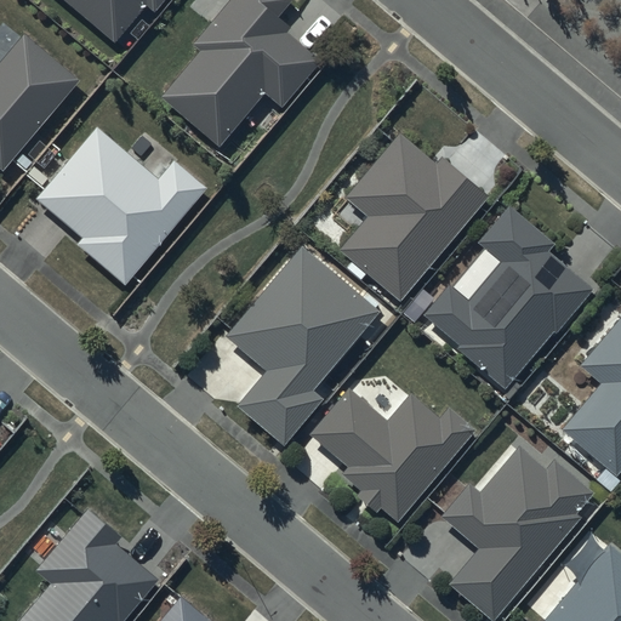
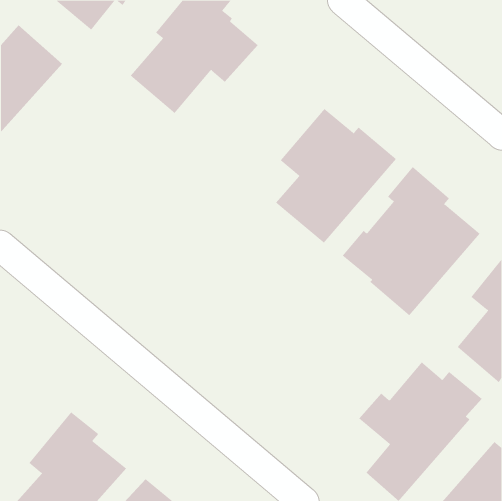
building: [35,125,205,283] -> none
building: [227,249,380,446] -> none
building: [309,389,477,523] -> none

